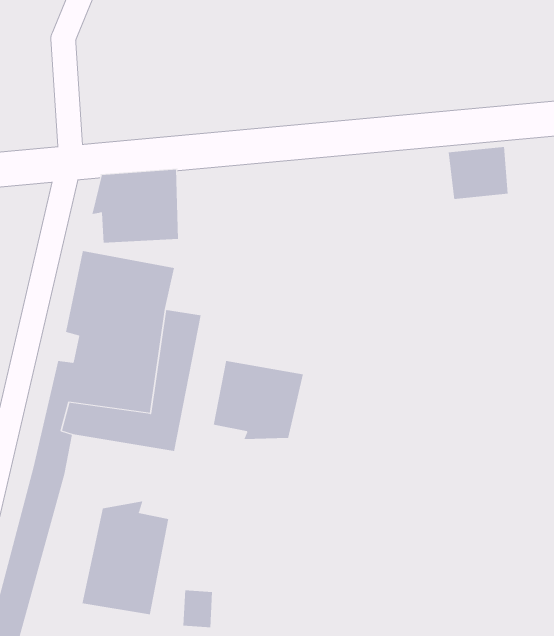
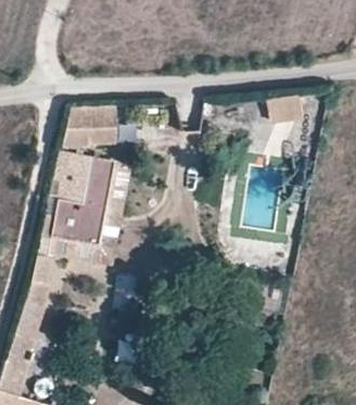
building: [213,360,303,440] -> none
building: [82,501,169,615] -> none

